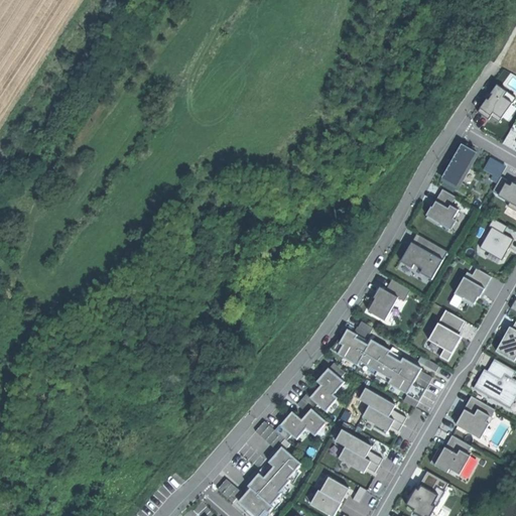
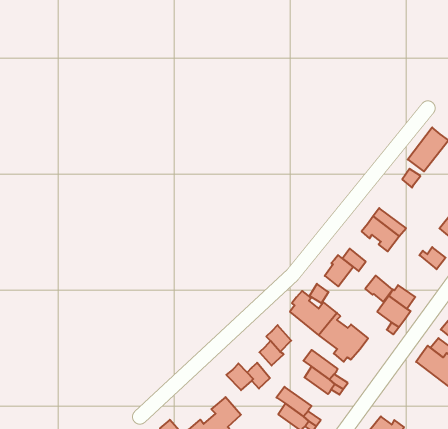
building: [426,202,457,228] -> none
building: [455,277,483,303] -> [365,276,393,302]
building: [456,409,489,438] -> none

